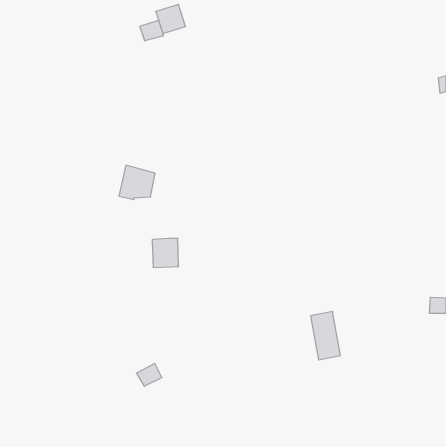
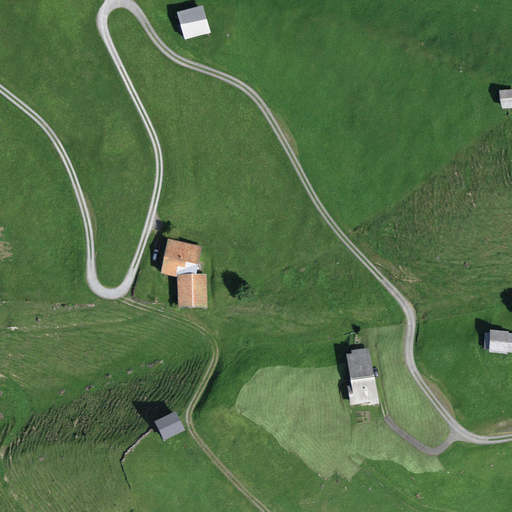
building: [140,20,163,41] -> none
building: [119,165,155,200] -> [156,235,197,274]

